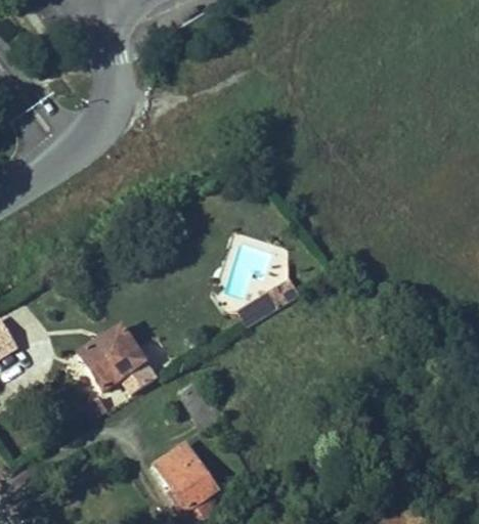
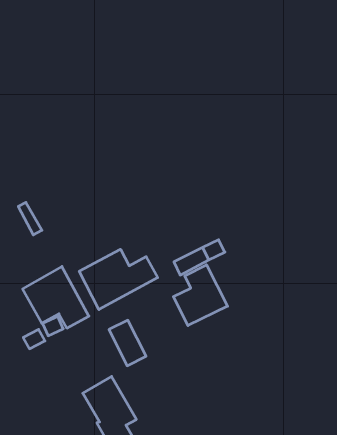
building: none -> [79,249,158,310]
building: none -> [173,265,228,326]

